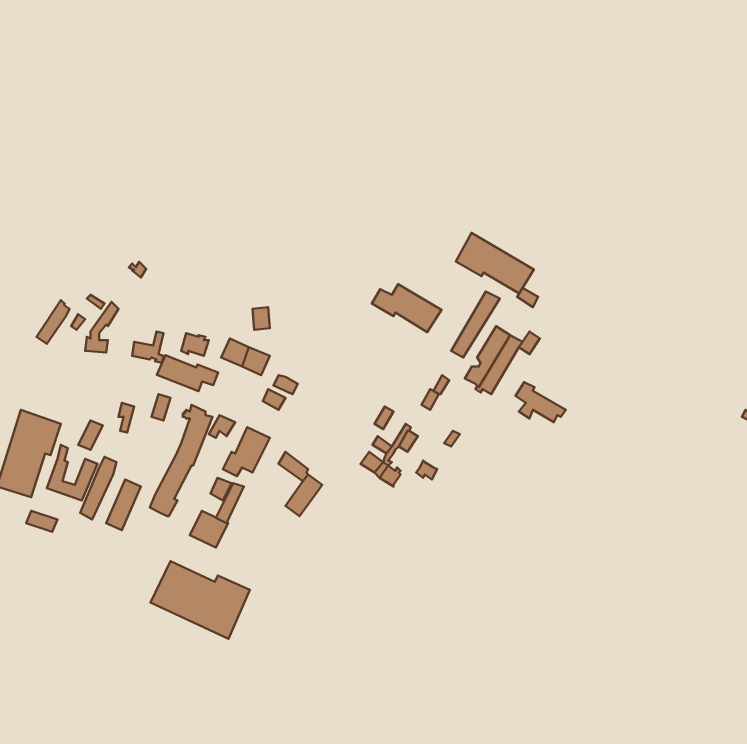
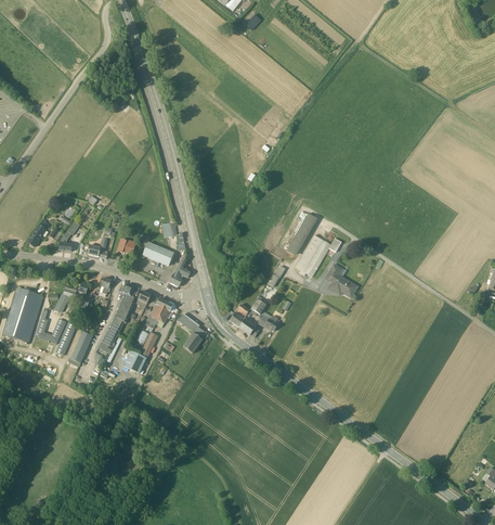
building: [456,233,534,293] -> none
building: [372,284,442,332] -> none
building: [157,355,218,391] -> none
building: [151,561,250,639] -> none

